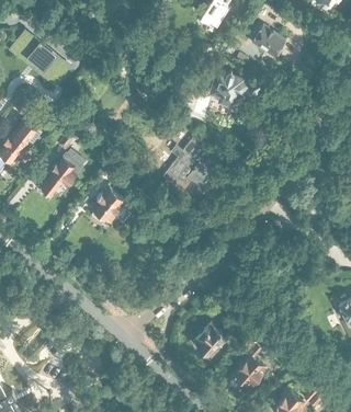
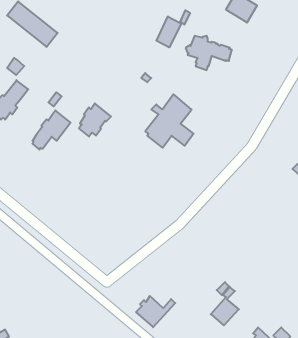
building: none -> [156,10,190,47]
building: [92,188,127,225] -> [79,103,111,137]
building: [193,324,236,358] -> [136,296,175,327]

